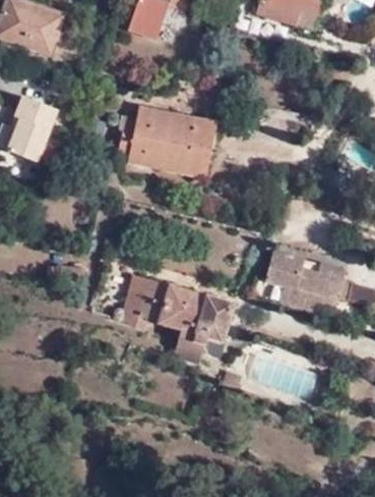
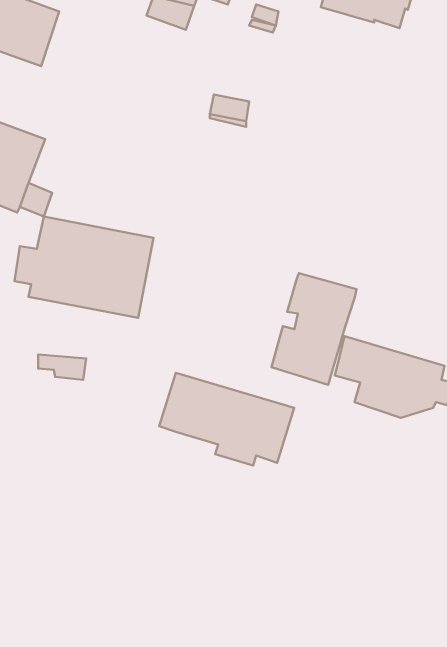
building: [120,104,221,177] -> [14,217,153,318]
building: none -> [271,273,356,385]
building: [120,274,150,330] -> none

